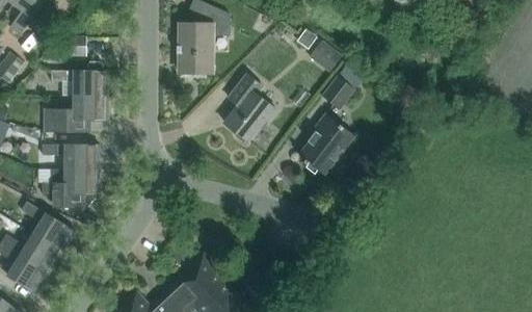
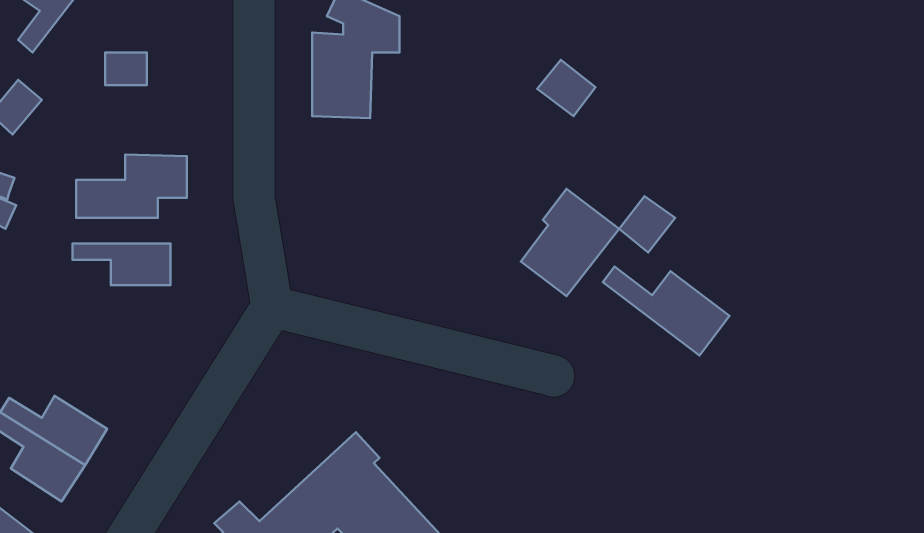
building: [50,61,107,94] -> none
building: [224,75,277,142] -> none
building: [322,77,354,109] -> [619,196,675,252]
building: none -> [603,267,729,356]
building: [41,168,99,208] -> none
building: [20,200,74,251] -> none

